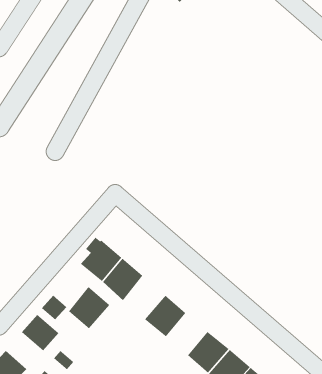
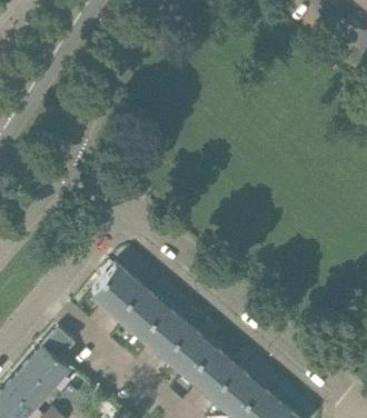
building: [68,286,110,329] -> [138,307,185,355]
building: none -> [186,348,231,395]
building: none -> [8,369,49,410]

